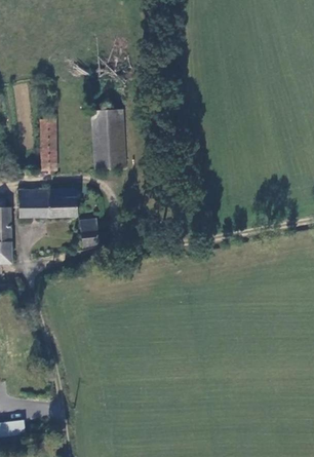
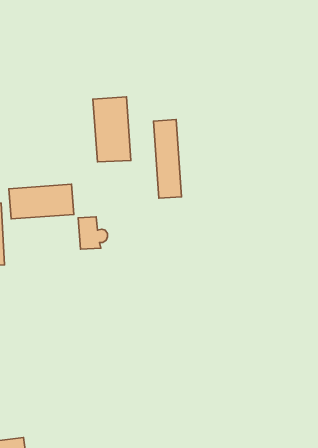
building: [38,116,56,169] -> none
building: none -> [153,120,182,198]

